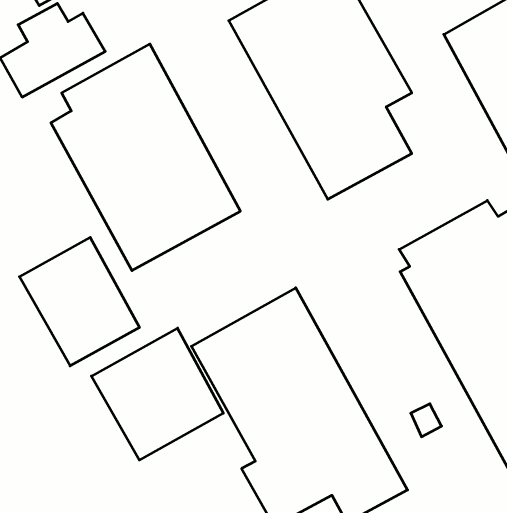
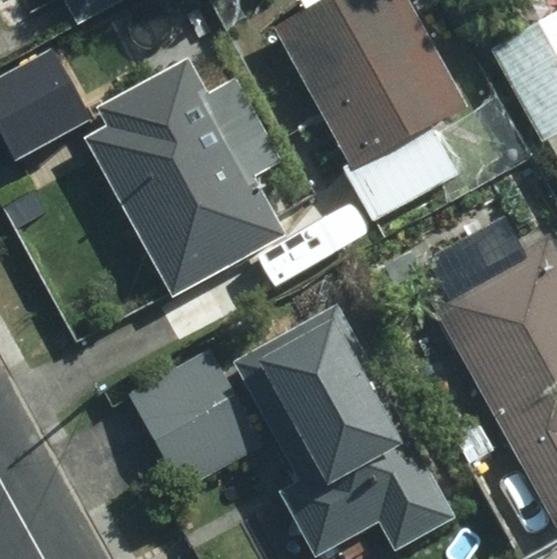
building: [19,237,139,366] -> none

